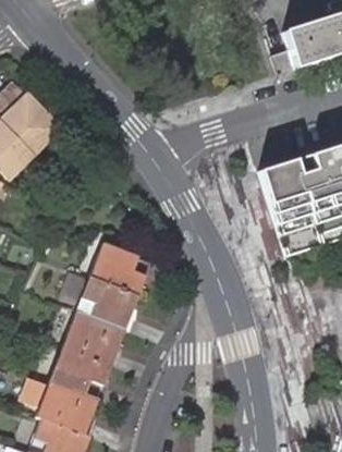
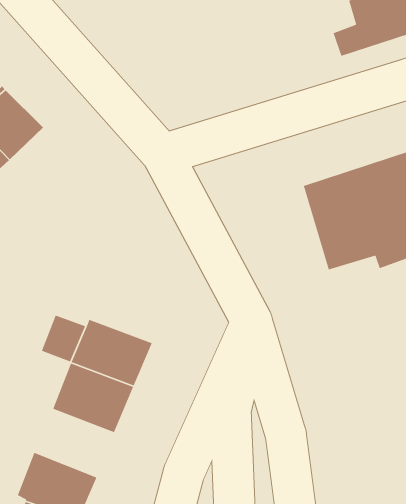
building: [94,236,157,292] -> none
building: [51,343,113,395] -> none

